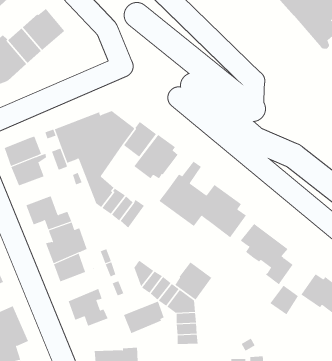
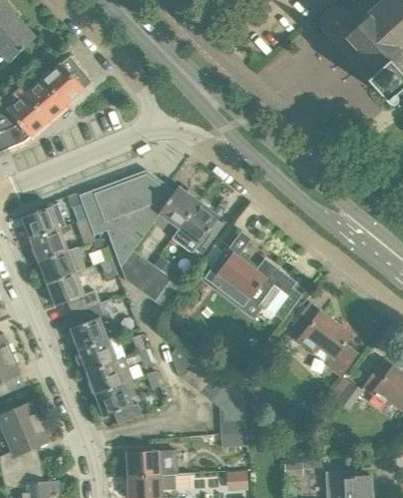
building: none -> [38,246,85,284]
building: [174,261,212,301] -> none
building: [123,301,165,334] -> [86,357,134,395]

